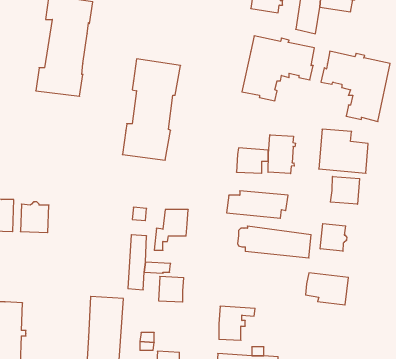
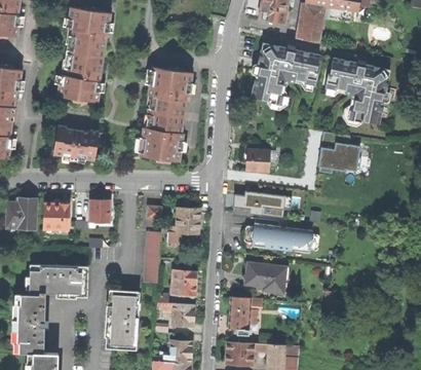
building: none -> [53,128,99,160]
building: [268,135,296,174] -> none
building: [330,176,360,204] -> none
building: none -> [89,199,110,226]
building: [320,224,347,251] -> none
building: none -> [29,264,87,296]
building: [306,273,348,305] -> [245,264,285,294]
building: none -> [159,301,194,325]

